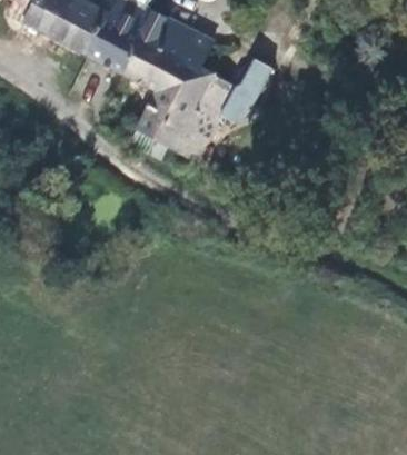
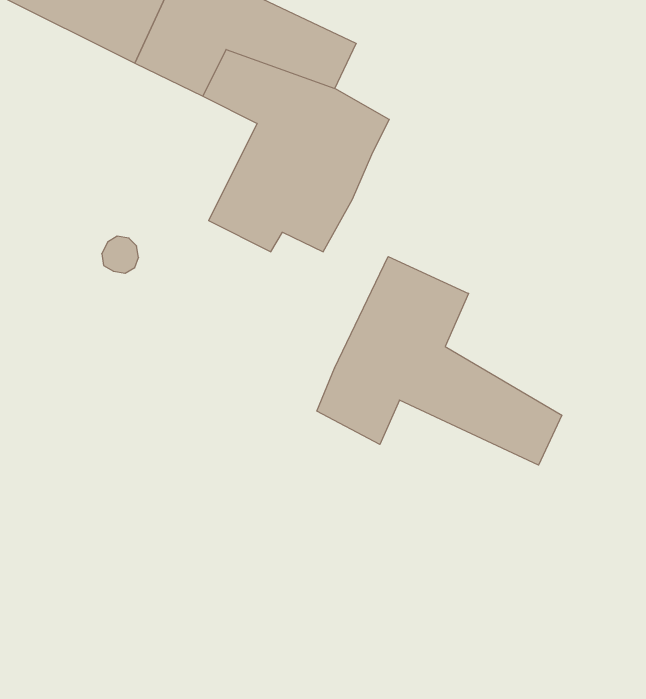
building: [224,49,274,111] -> none
building: none -> [317,257,562,465]

